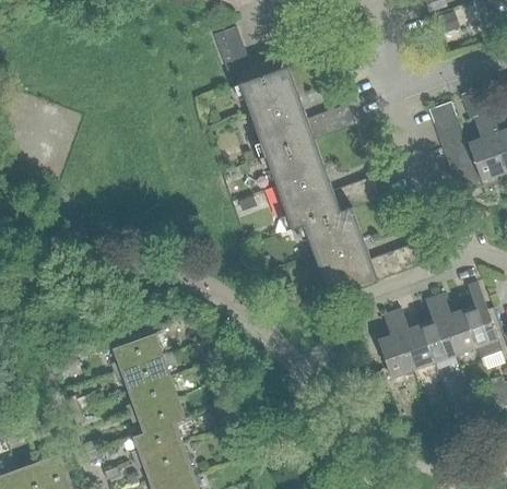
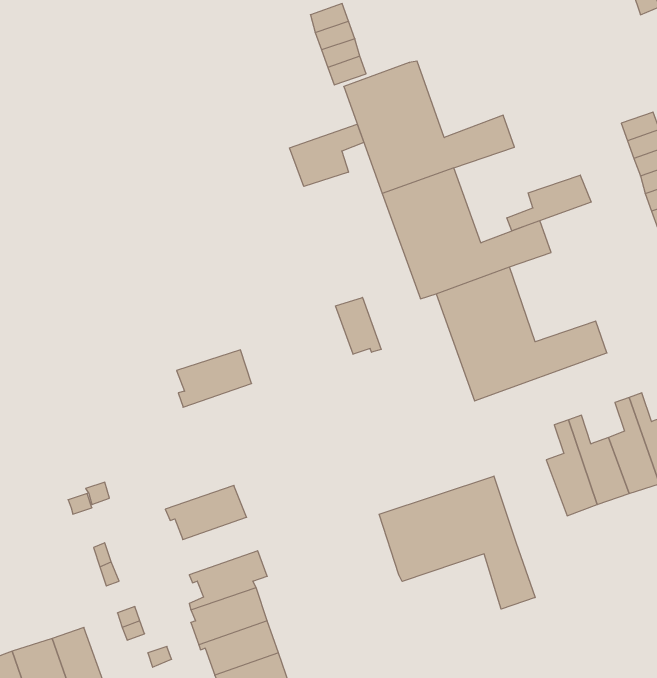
building: none -> [290,124,364,186]
building: none -> [507,175,591,231]
building: none -> [336,297,381,354]
building: [111,332,163,371] -> [177,350,252,407]
building: none -> [379,476,535,609]
building: [128,377,179,416] -> none

